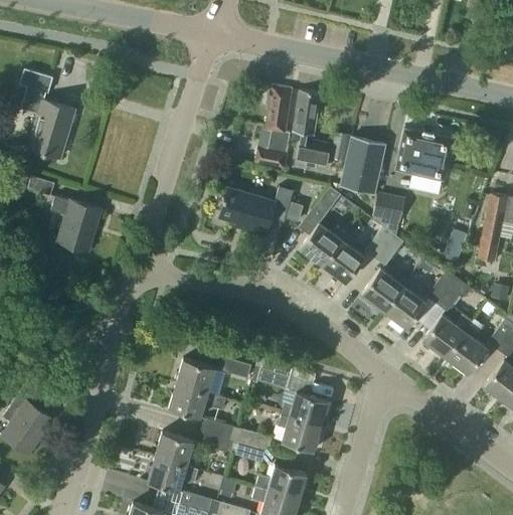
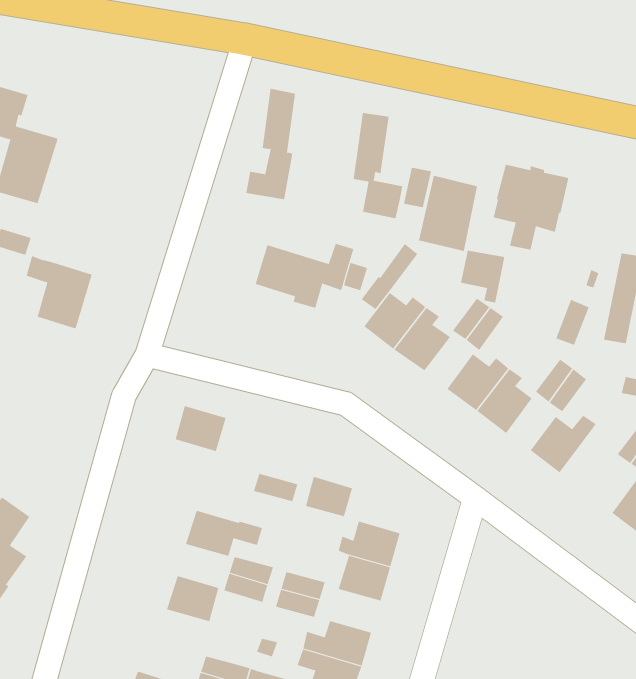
building: [253,85,291,168] -> [245,88,296,200]
building: [445,325,486,373] -> none
building: [176,359,214,393] -> [175,406,226,452]
building: [147,458,198,492] -> none

